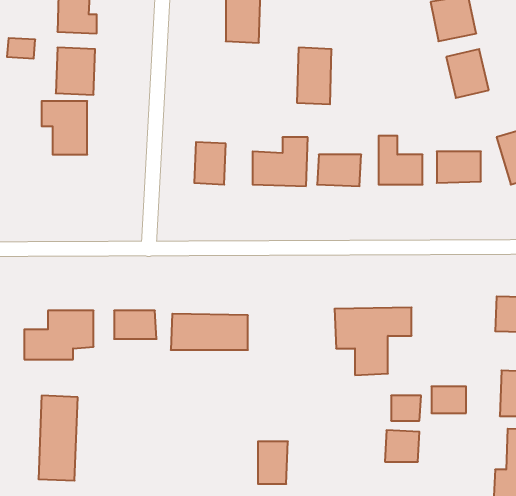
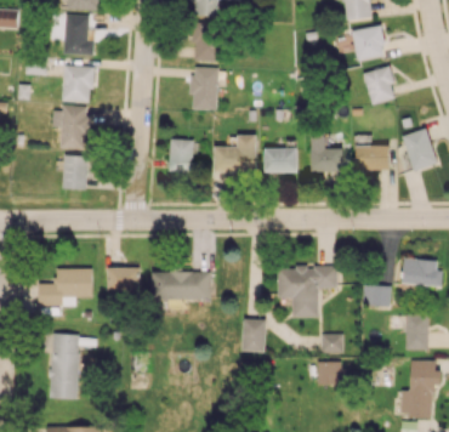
building: [297,48,332,104] -> [191,67,217,110]
building: none -> [62,155,87,189]
building: [431,386,466,413] -> [363,285,390,306]
building: [258,441,288,484] -> [243,319,266,352]

